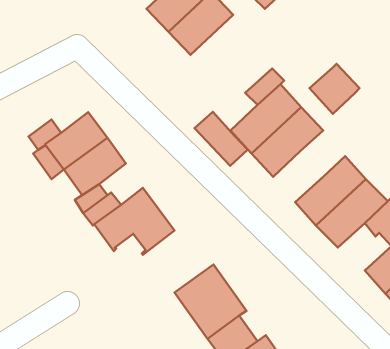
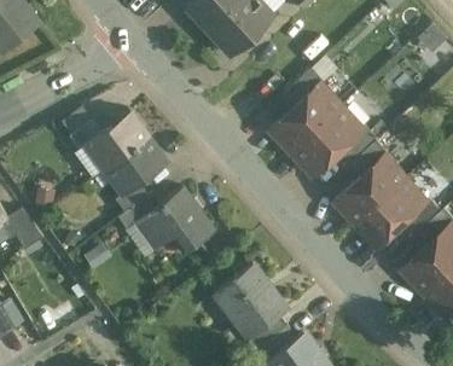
building: [310,64,360,114] -> [339,128,389,178]
building: [194,112,247,166] -> none

